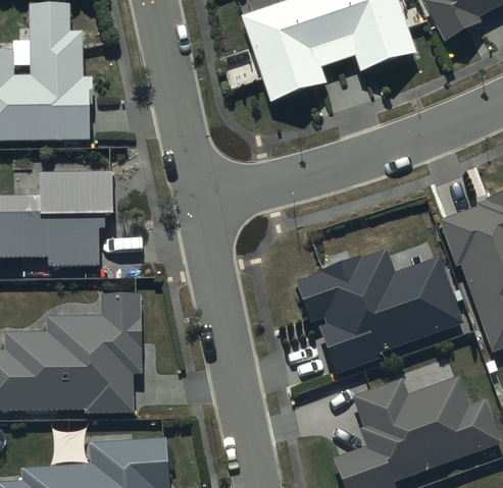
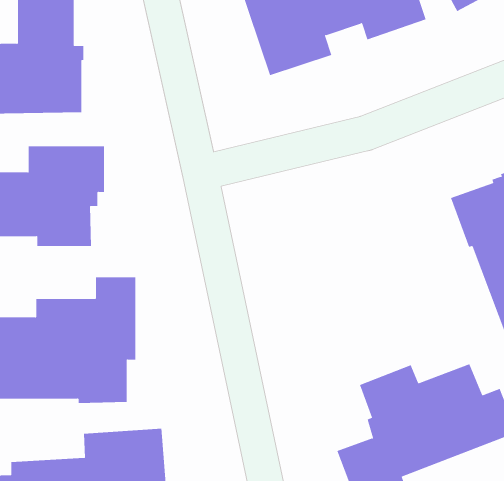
building: [294,249,462,376] -> none

